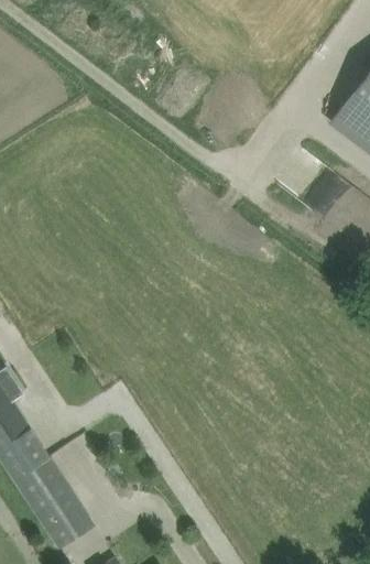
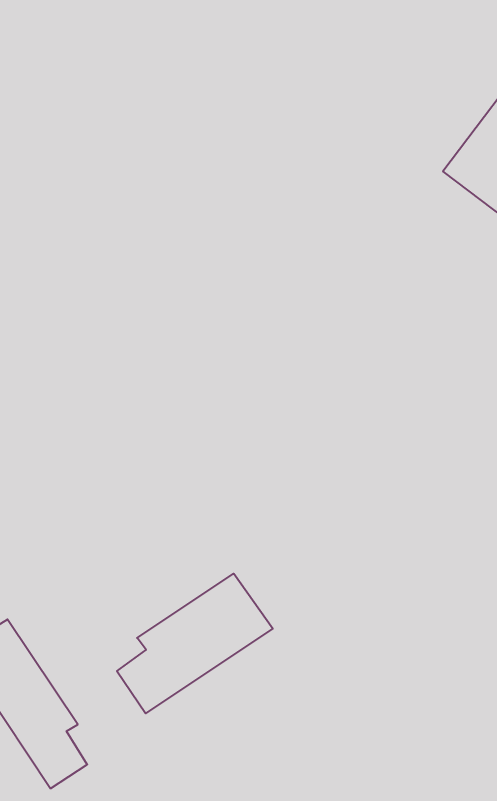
building: none -> [117,574,273,713]

